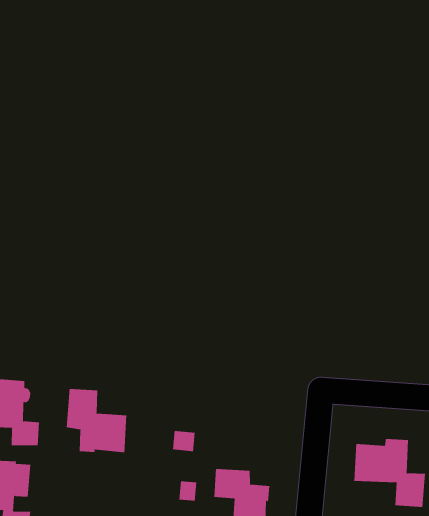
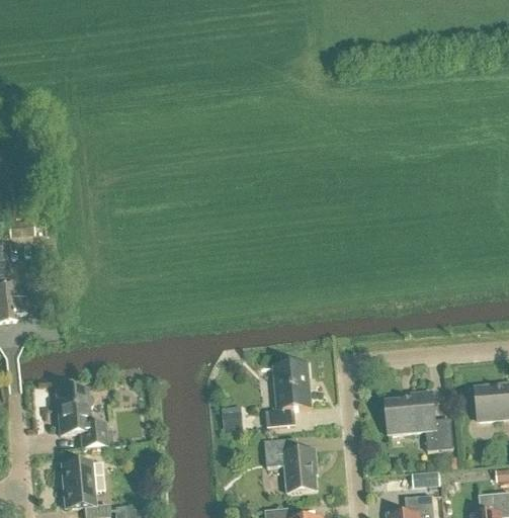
building: none -> [265,362,311,427]
building: [66,388,127,453] -> none

